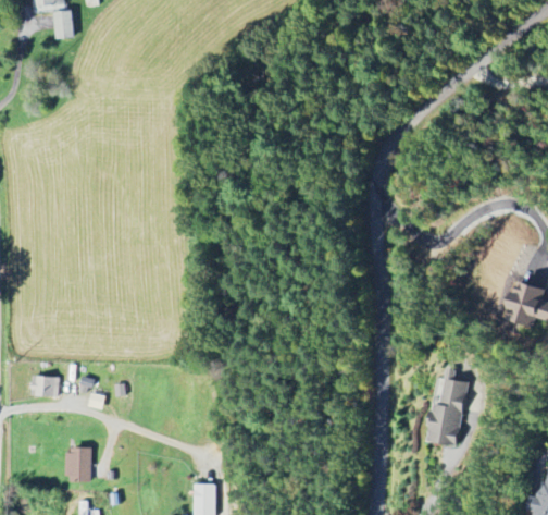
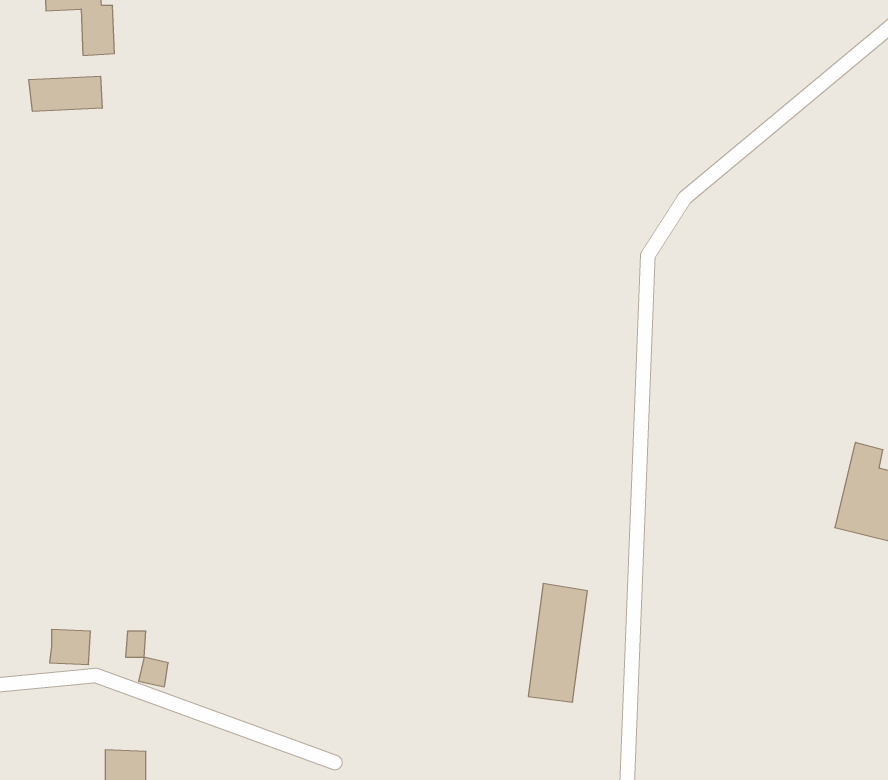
building: none -> [29,76,102,111]
building: [432,376,466,445] -> [528,584,587,702]

